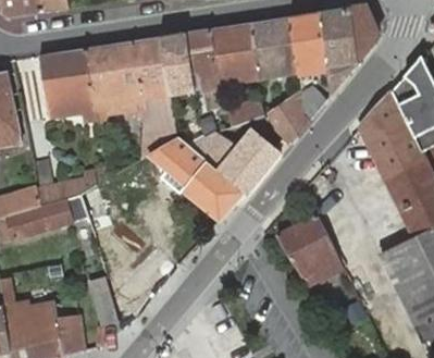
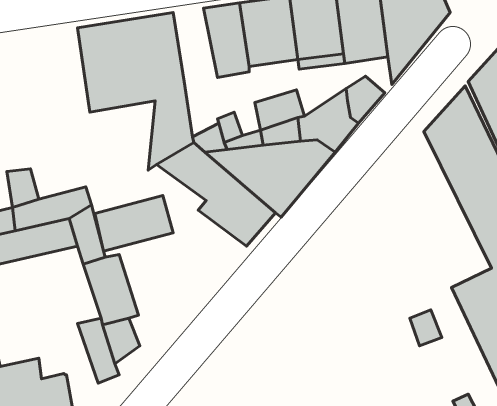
building: [162,32,197,89] -> none
building: [39,46,97,120] -> none
building: none -> [95,196,173,251]
building: [277,214,344,285] -> none

